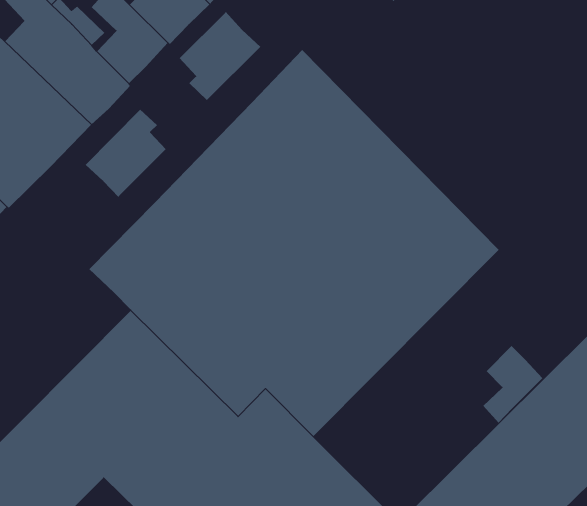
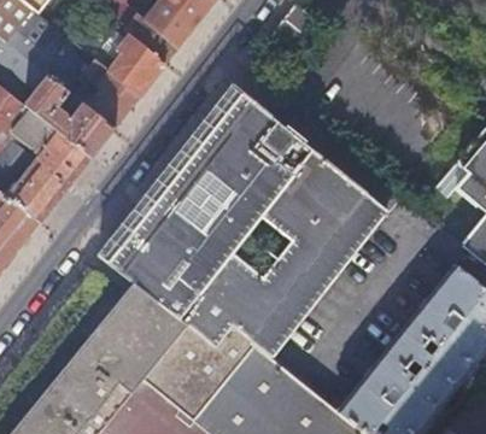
building: [179,11,261,101] -> none
building: [85,109,166,198] -> none
building: [482,345,543,424] -> none

